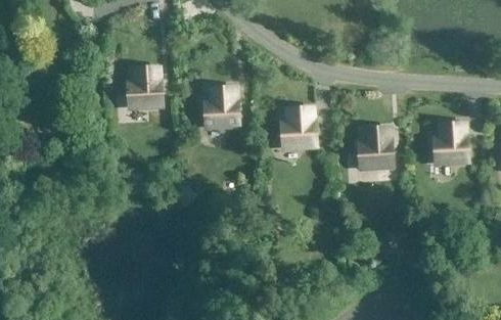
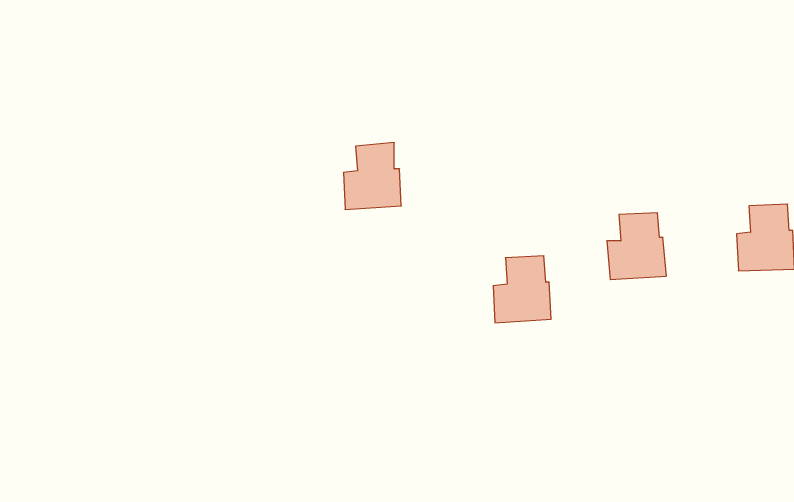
building: [126,70,160,108] -> none
building: [279,109,313,148] -> [493,256,551,323]

